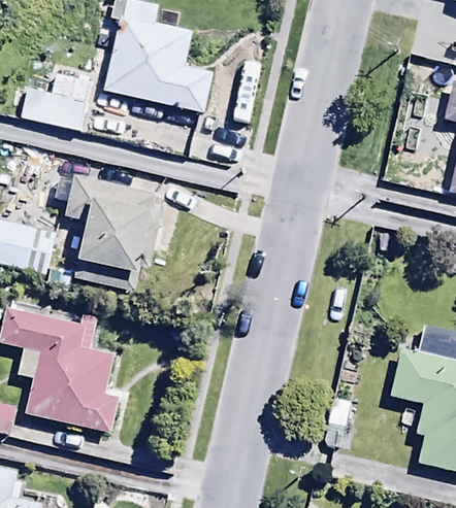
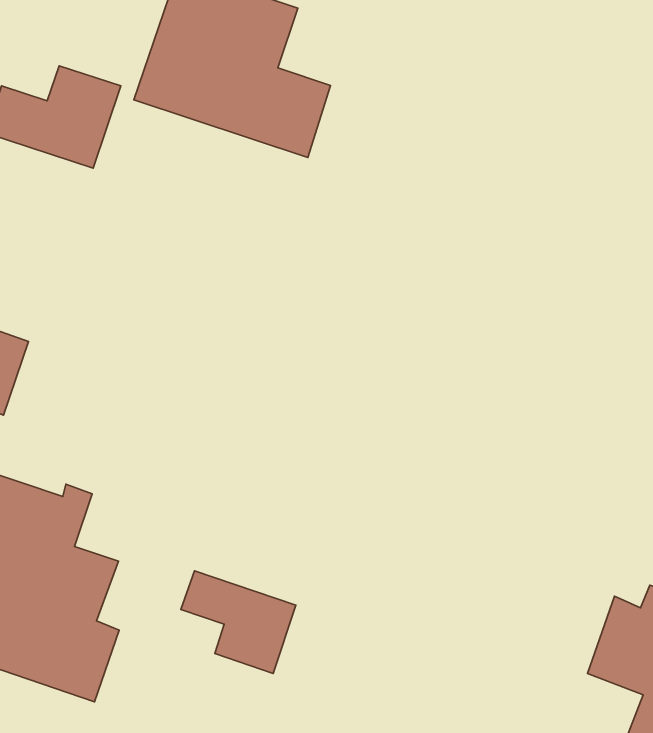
building: [45,165,161,292] -> none
building: none -> [181,571,296,673]

